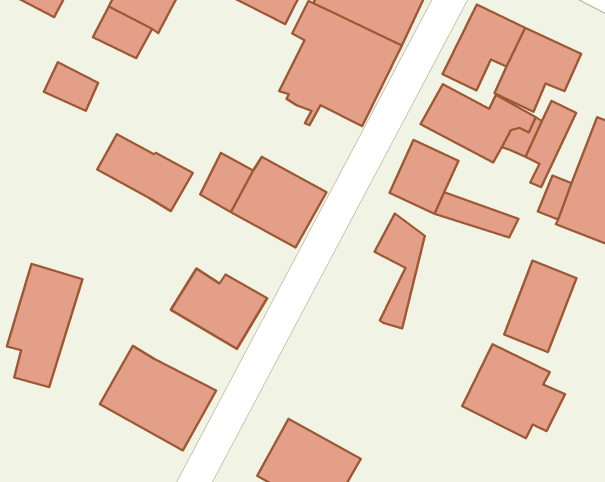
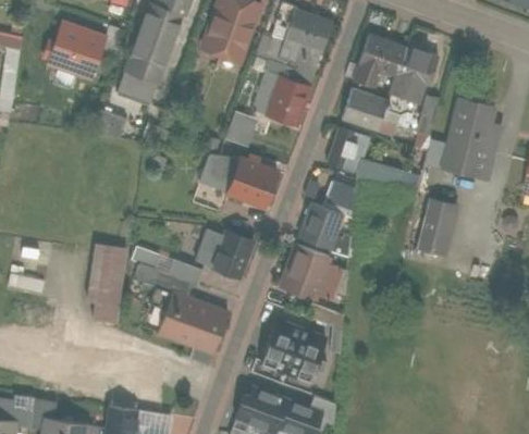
building: none -> [225,109,258,145]
building: [97,134,193,211] -> [135,250,198,296]
building: none -> [295,201,344,250]
building: [462,344,565,438] -> [281,245,347,303]

